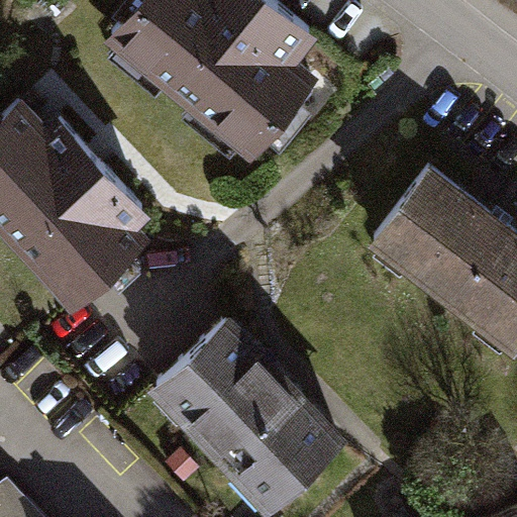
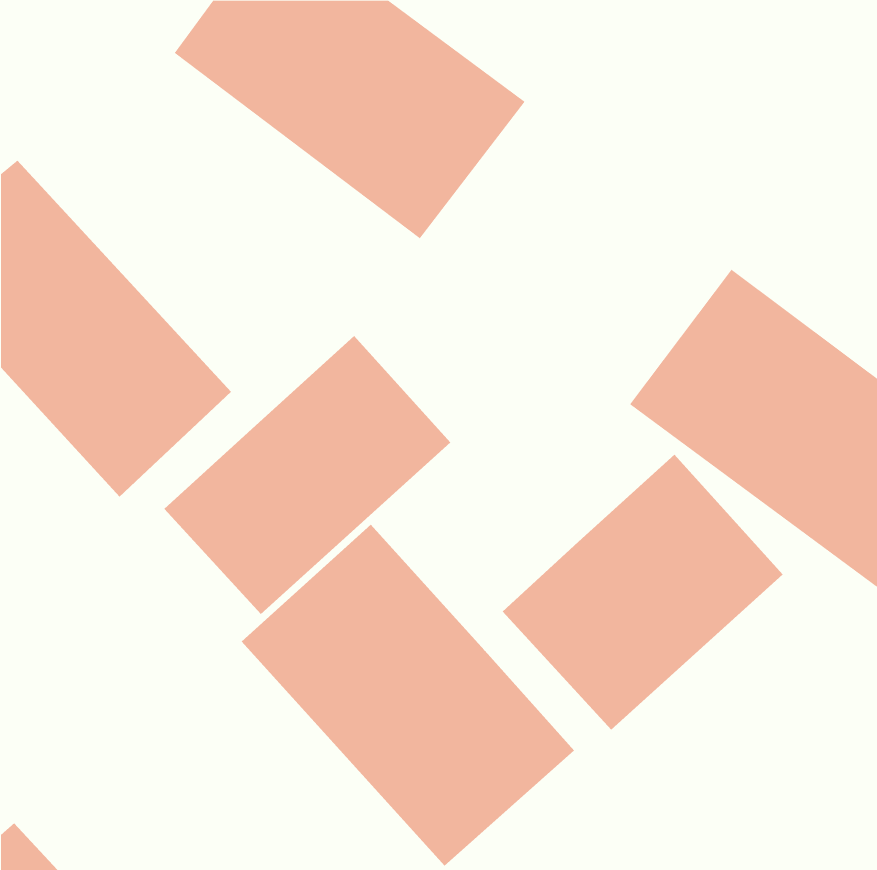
building: none -> [164,335,451,615]
building: none -> [502,454,784,731]

